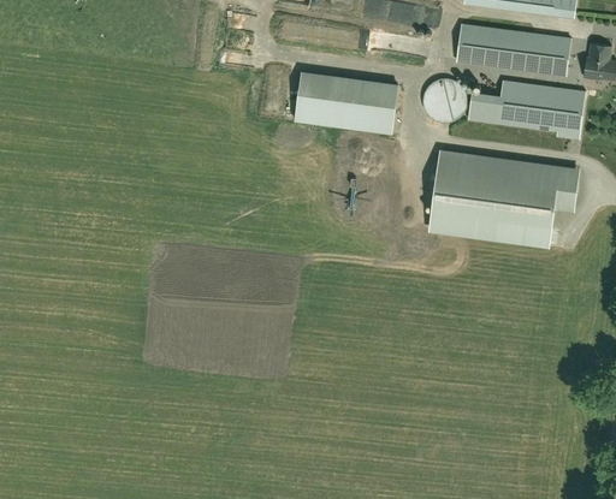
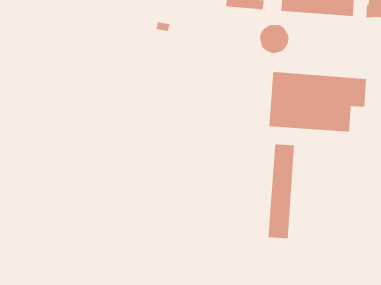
building: [296,71,401,133] -> none
building: [468,81,584,139] -> none
building: none -> [268,144,295,239]

